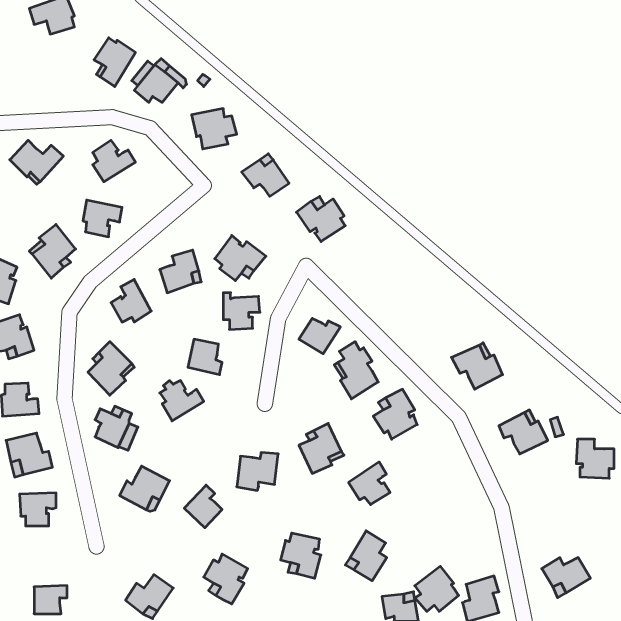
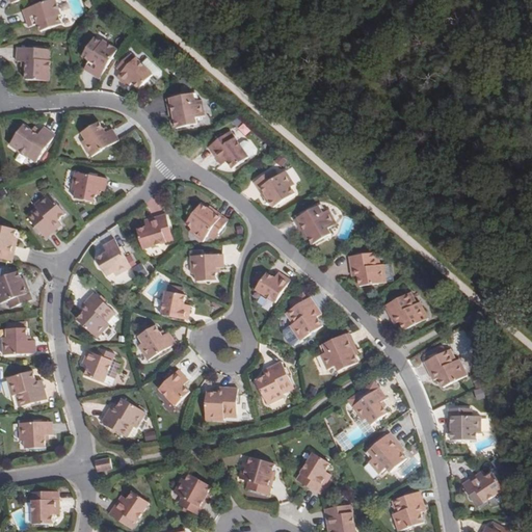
building: none -> [16,46,49,79]
building: none -> [295,205,335,242]
building: none -> [346,250,383,285]
building: [576,439,614,478] -> [450,407,482,441]
building: [349,462,390,505] -> [350,388,385,424]
building: [184,485,222,528] -> [157,369,189,405]
building: [415,566,459,611] -> [367,433,404,472]

